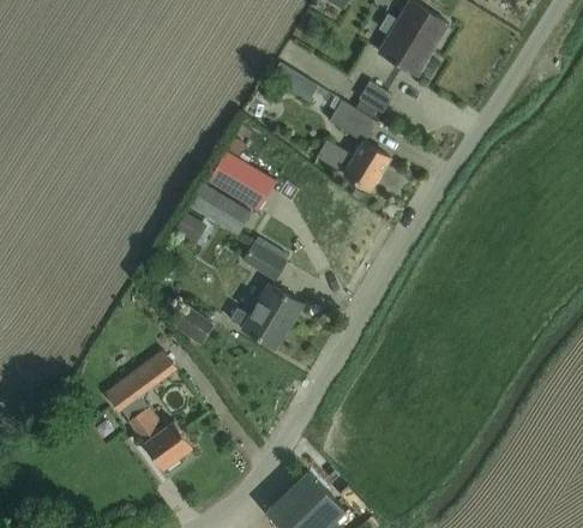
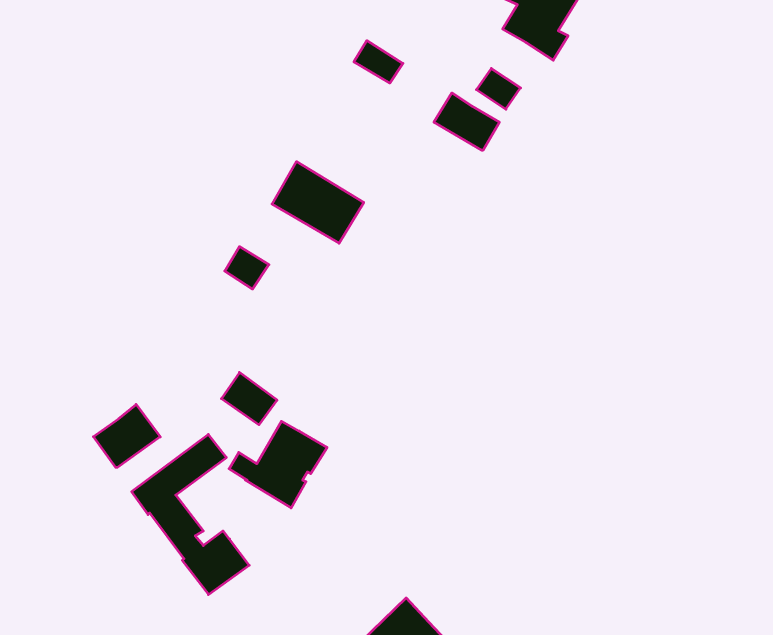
building: [317,139,390,190] -> none
building: [191,184,251,233] -> none
building: [244,242,286,278] -> none
building: [230,284,302,348] -> [229,421,327,508]
building: none -> [93,404,160,467]

